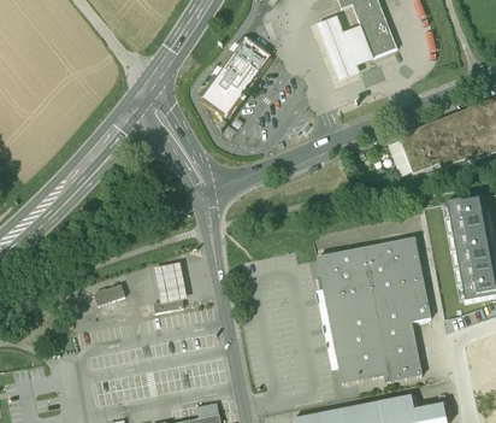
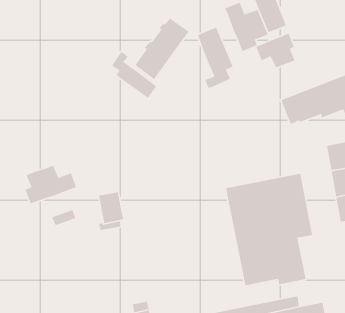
building: none -> [197,27,234,89]
building: none -> [255,33,295,69]
building: none -> [111,51,157,99]
building: none -> [25,165,77,205]

